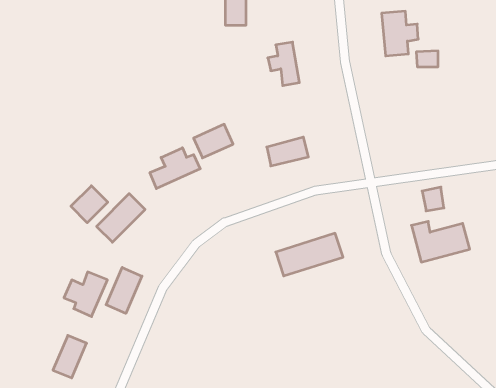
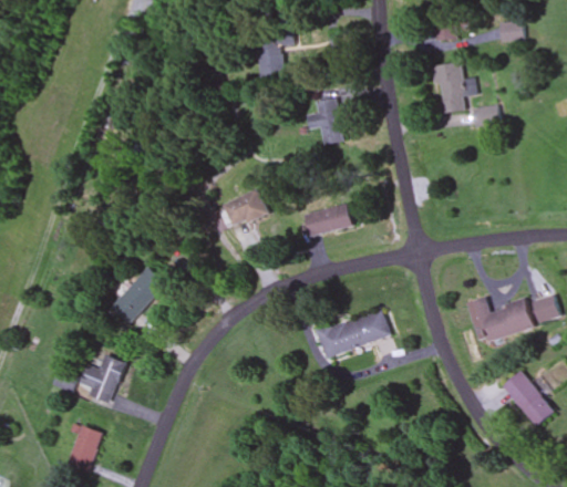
building: [150,148,200,189] -> none
building: [71,186,108,223] -> none
building: [422,187,444,211] -> [532,294,556,321]
building: [106,267,142,313] -> none
building: none -> [502,370,554,427]

